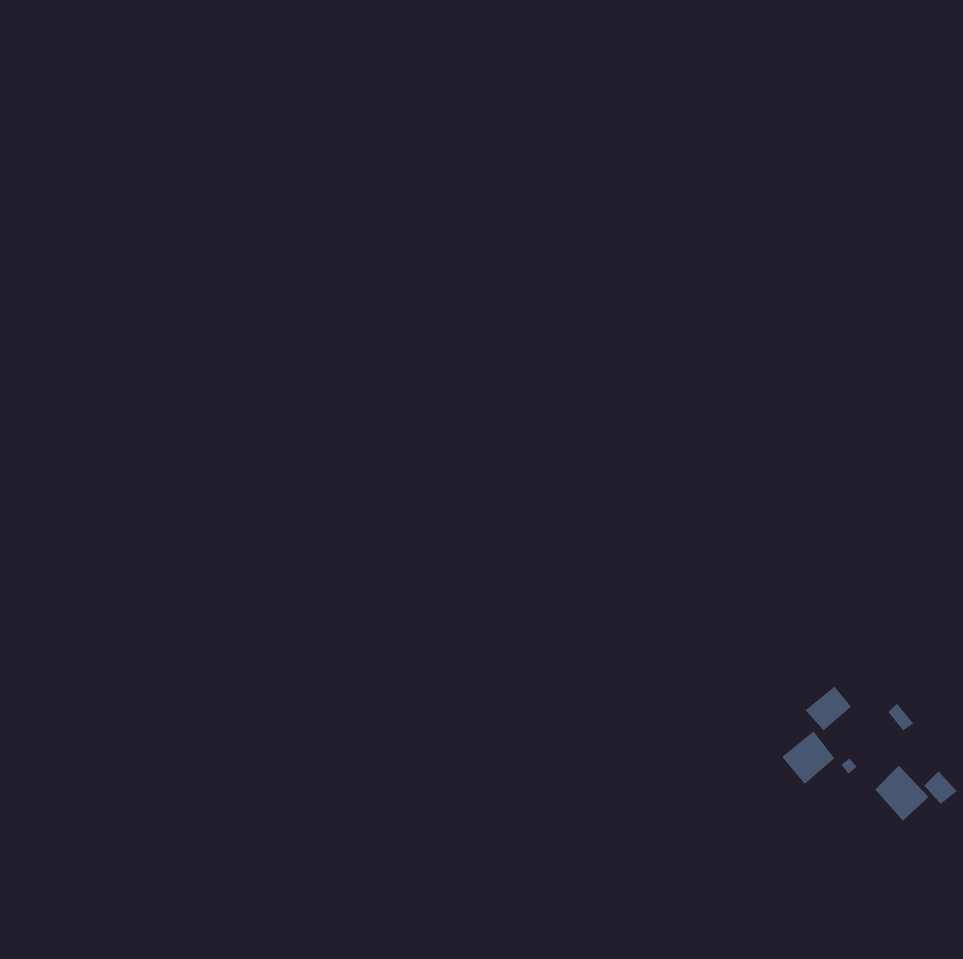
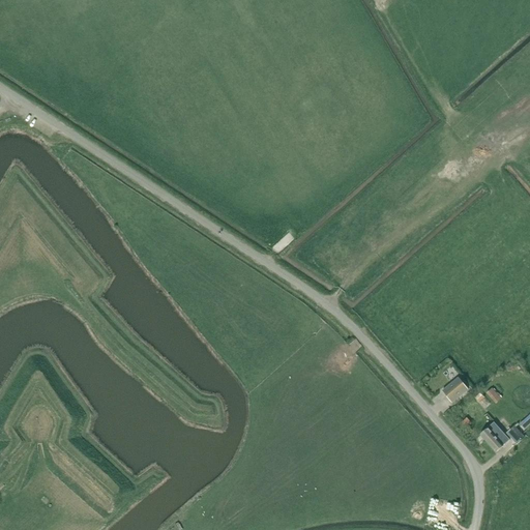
building: [781,730,835,785] -> none

